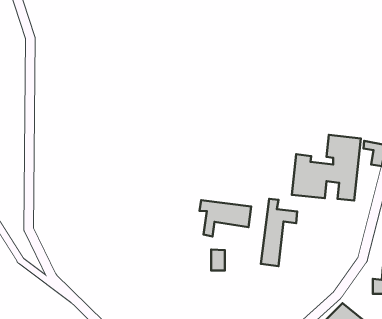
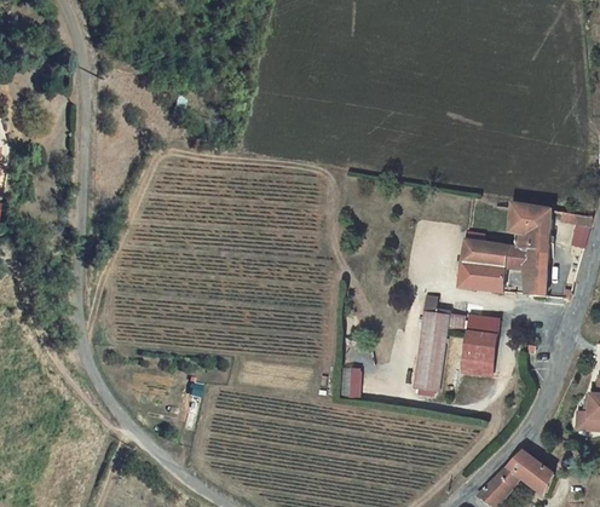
building: [199,200,251,236] -> none
building: none -> [461,313,500,376]

